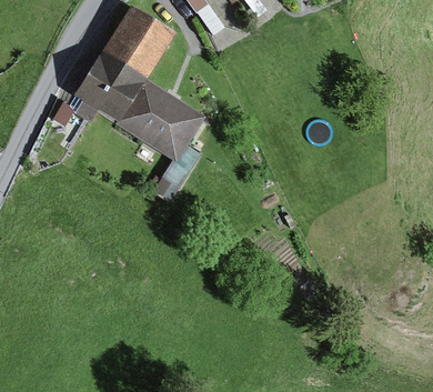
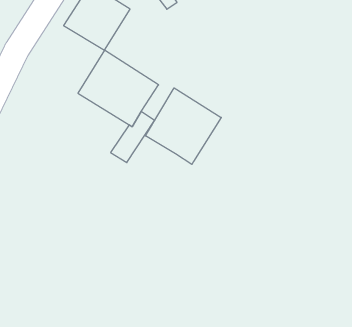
building: [73,51,145,124] -> none
building: none -> [145,88,221,164]

